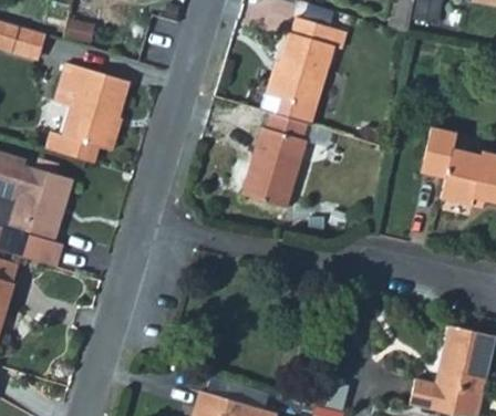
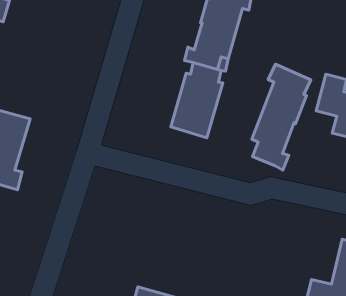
building: [45,64,124,164] -> none
building: none -> [252,64,311,170]

